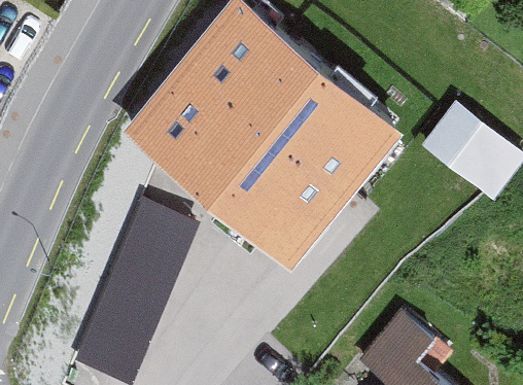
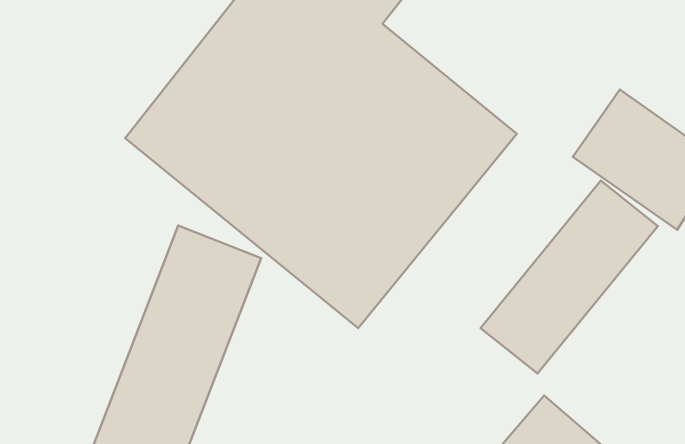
building: none -> [481,181,658,374]

